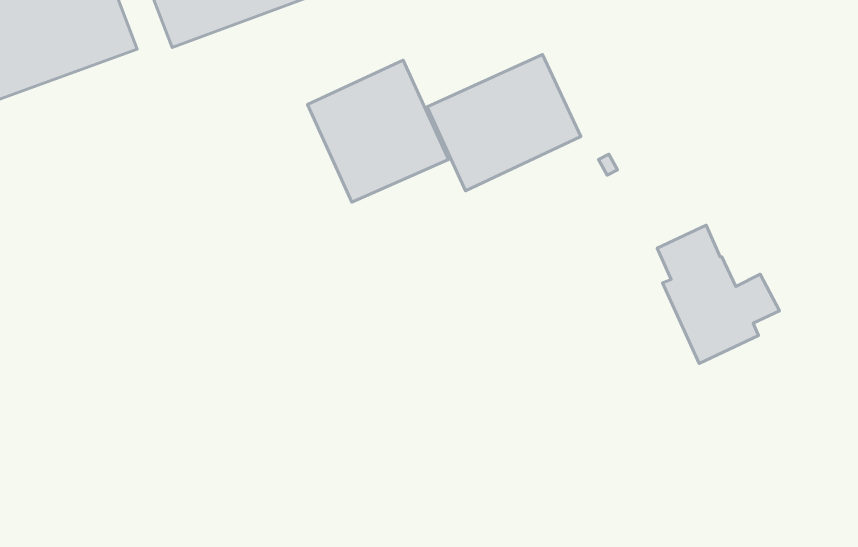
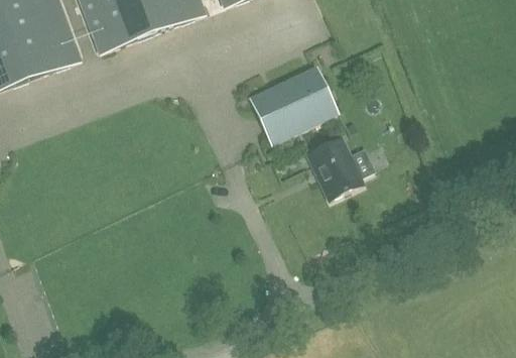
building: [308,60,449,202] -> none
building: [657,225,779,363] -> [305,119,376,199]

